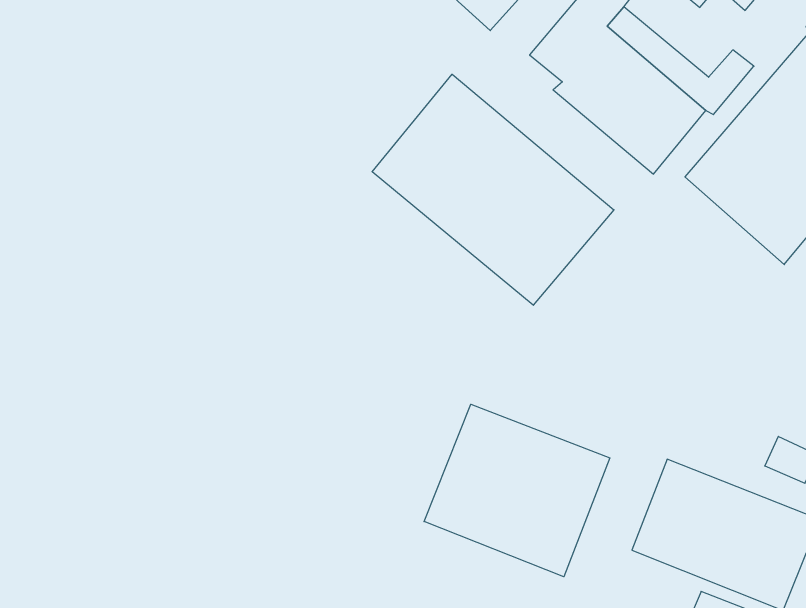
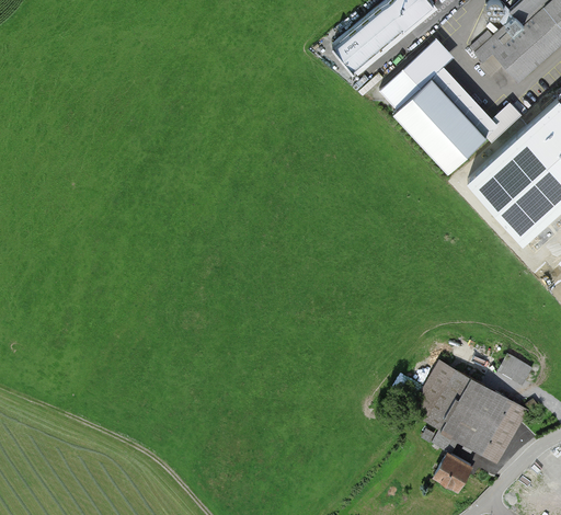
building: [372,74,614,305] -> none
building: [424,404,610,577] -> none

